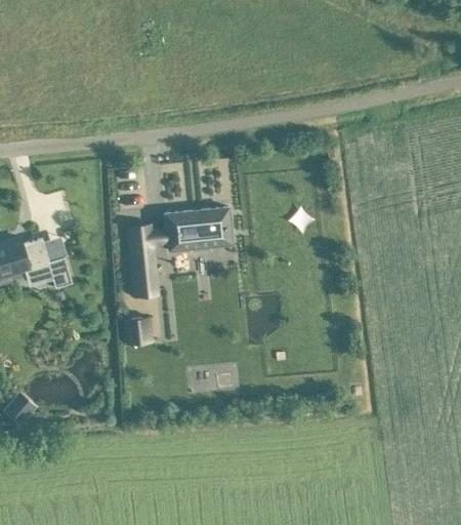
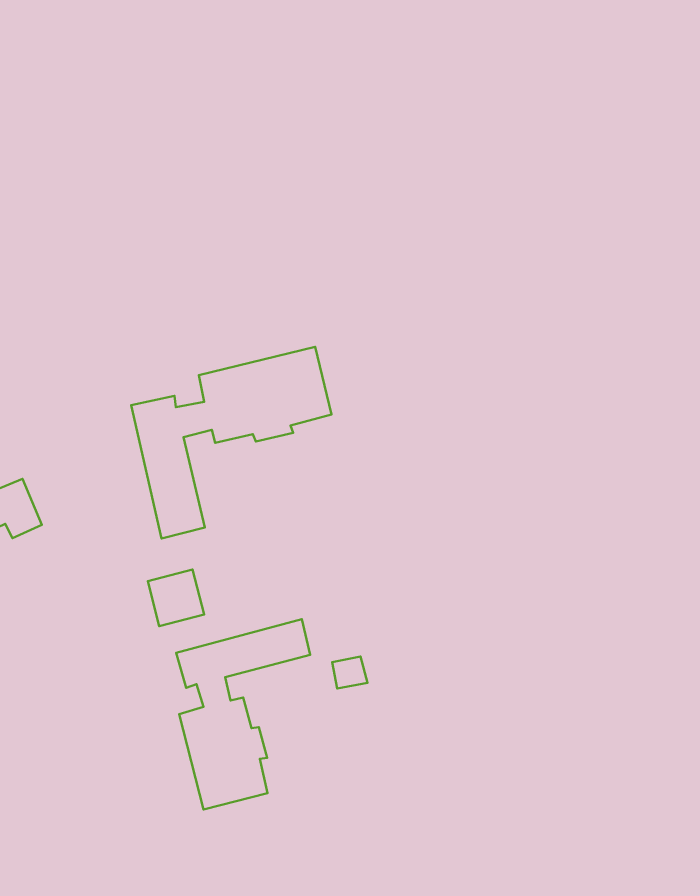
building: none -> [176,619,310,810]

